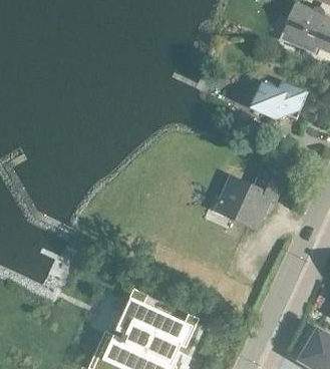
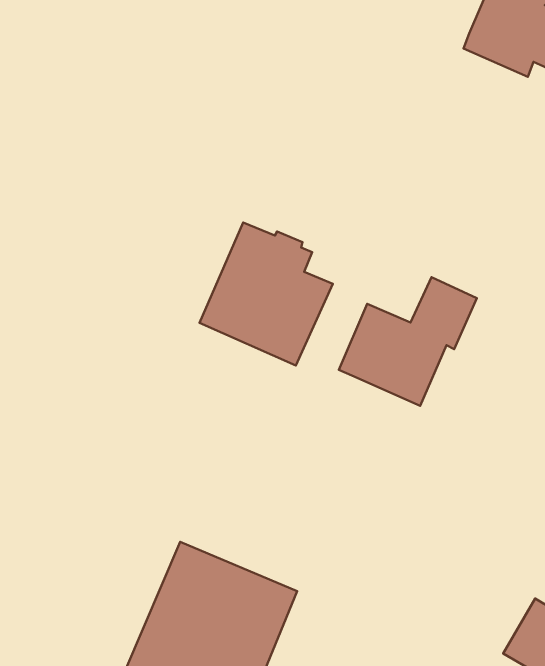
building: [250,80,307,120] -> none
building: none -> [199,222,333,366]

